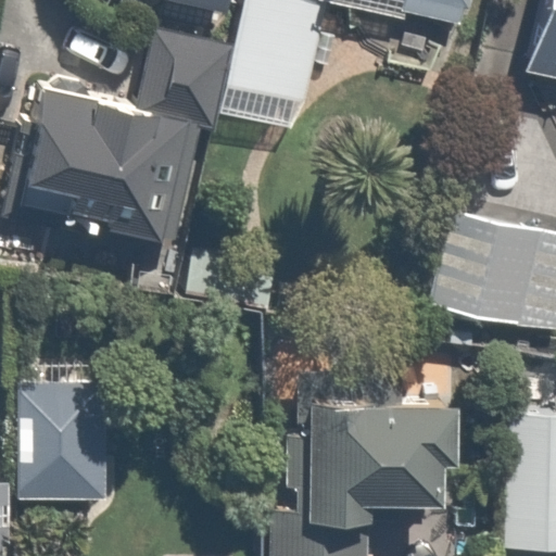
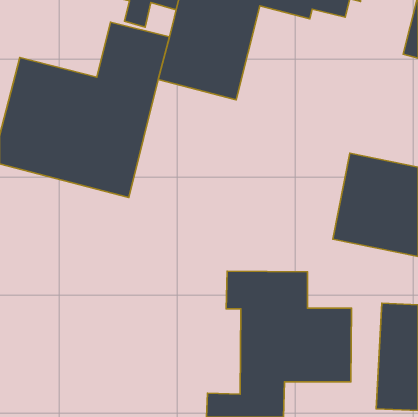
building: [18,375,122,491] -> none

